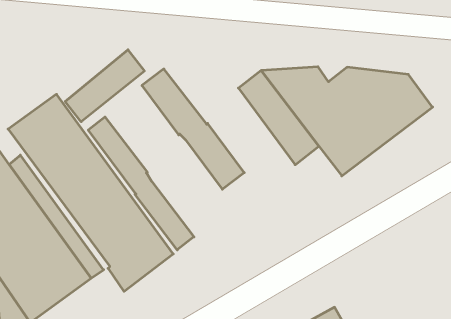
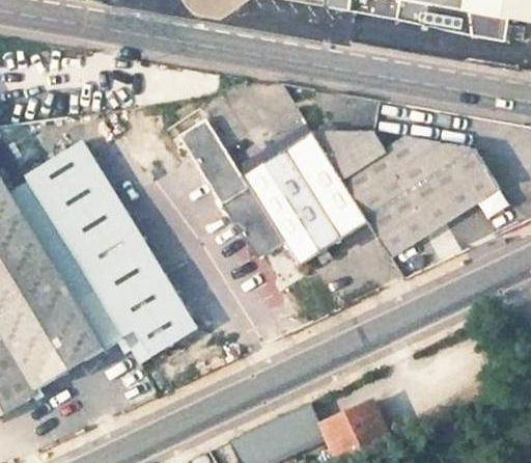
building: [65,50,144,122] -> none
building: none -> [242,148,341,265]
building: [88,117,194,250] -> none

